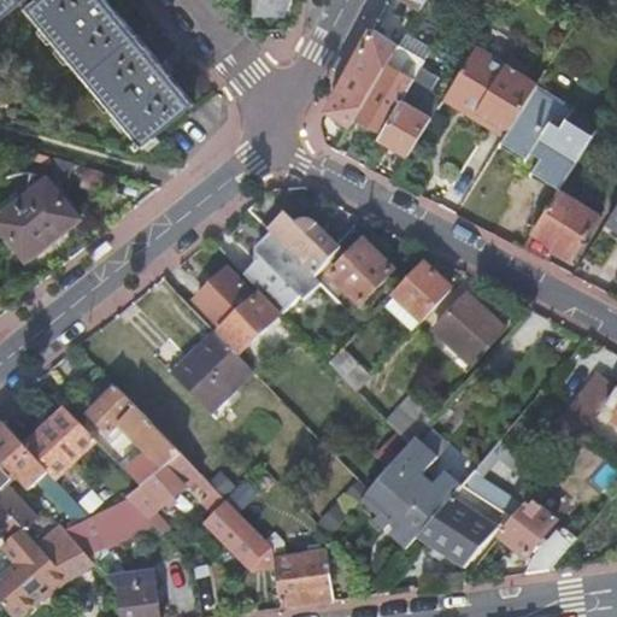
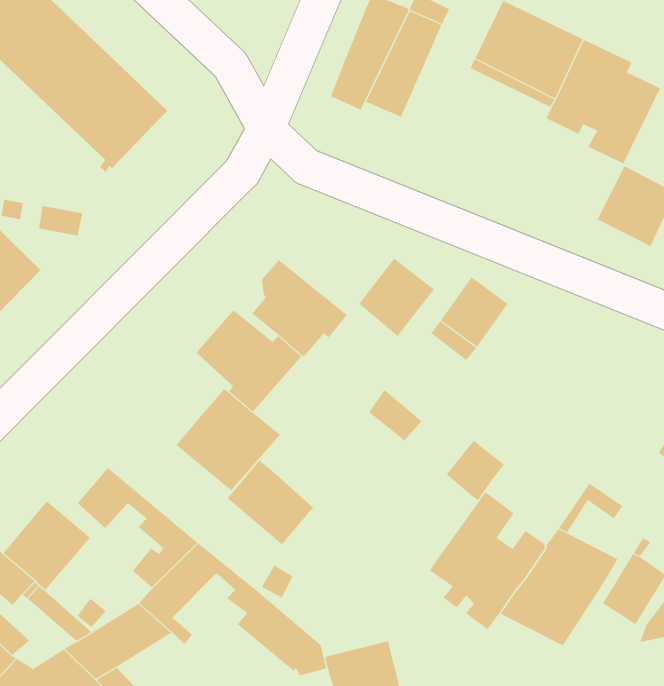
building: [377,64,435,152] -> none
building: [266,213,342,277] -> none
building: [433,294,504,364] -> none
building: none -> [227,460,314,545]

